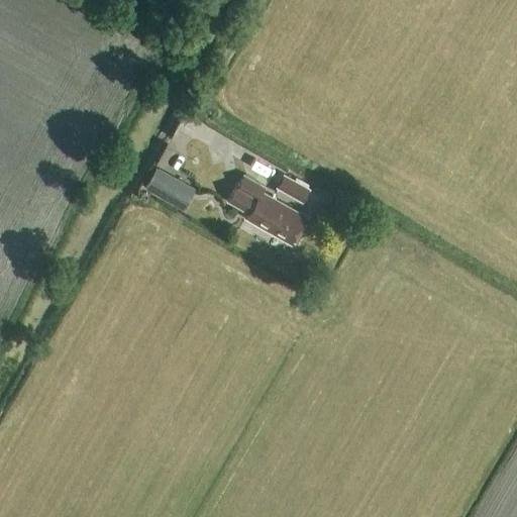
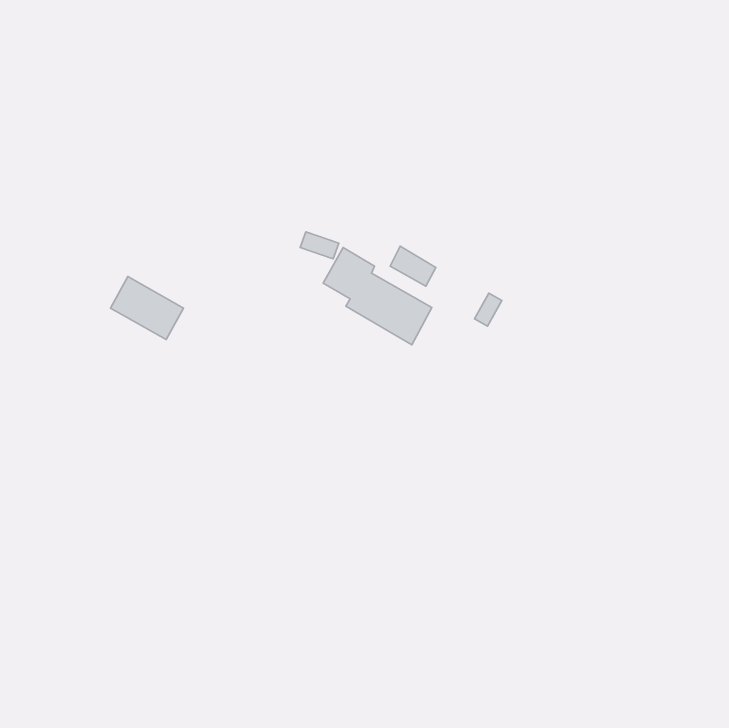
building: [144,168,196,212] -> [111,277,183,340]

